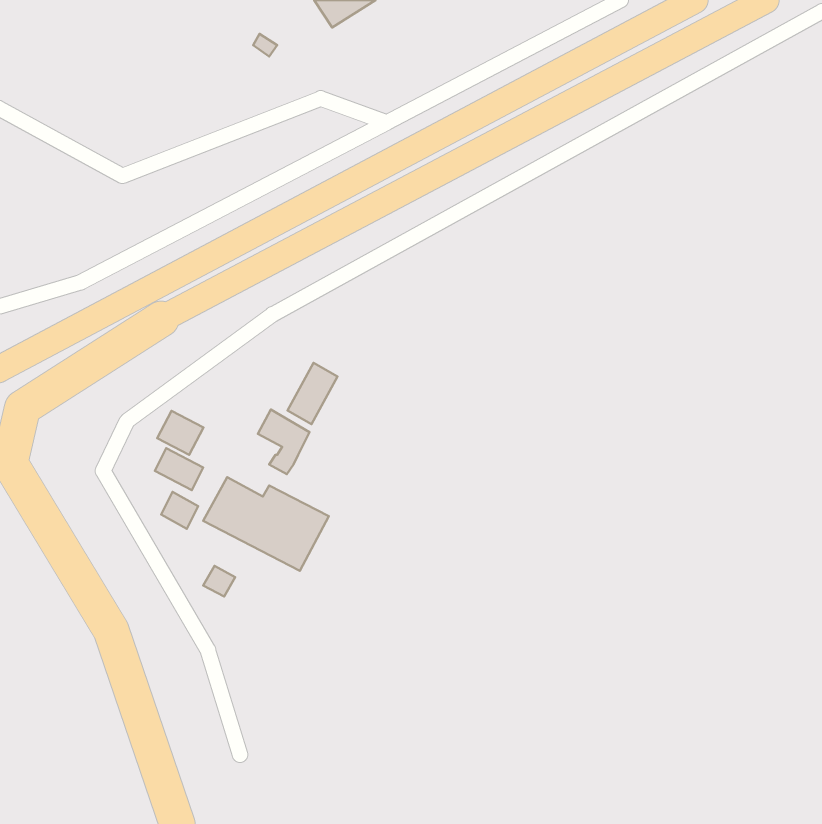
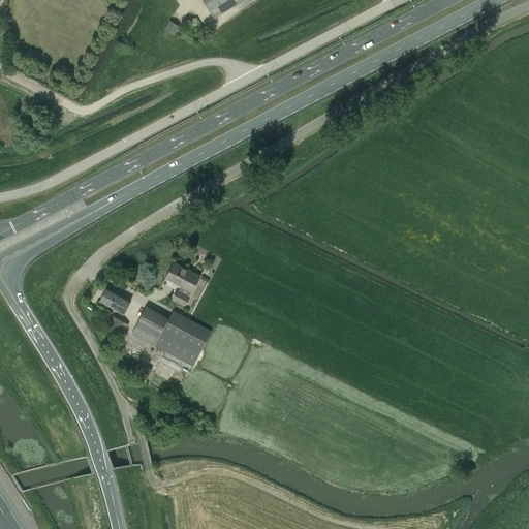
building: [288,363,337,424] -> none
building: [157,411,204,455] -> none

